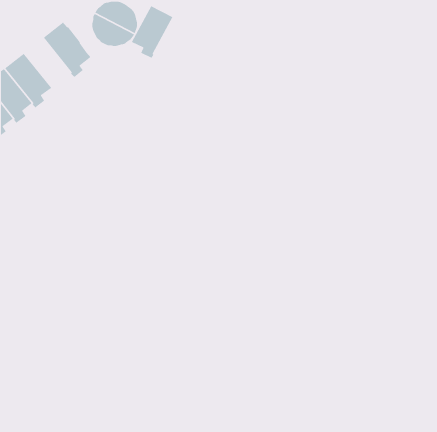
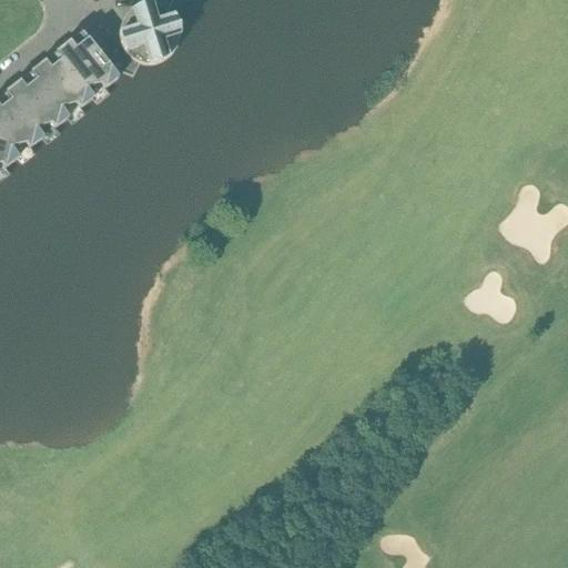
building: [131,5,173,59] -> none
building: none -> [31,49,92,121]

